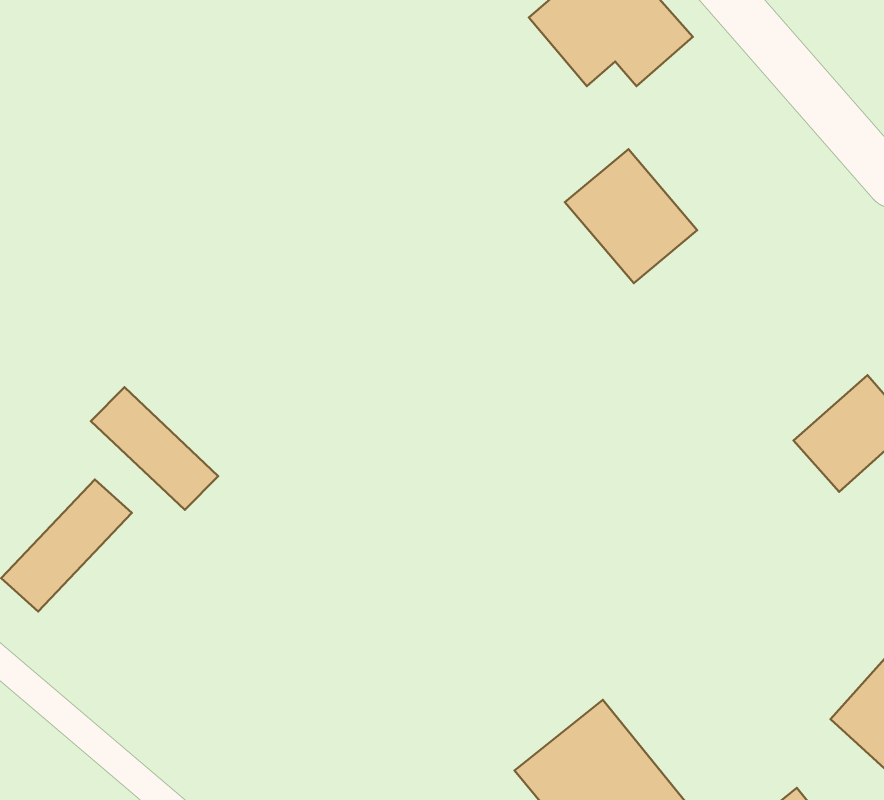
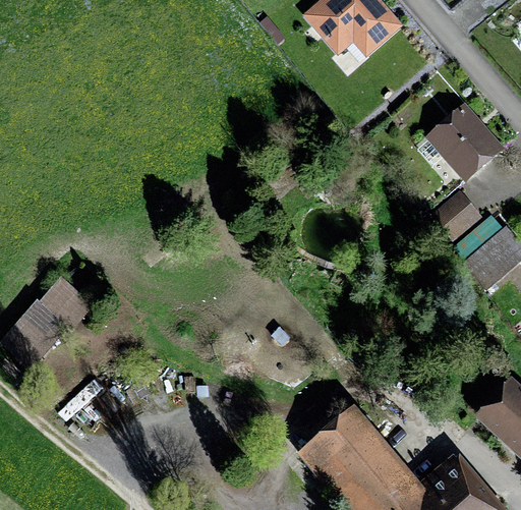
building: [565,149,697,283] -> [430,102,507,179]
building: none -> [431,191,479,239]
building: [91,387,218,510] -> none

